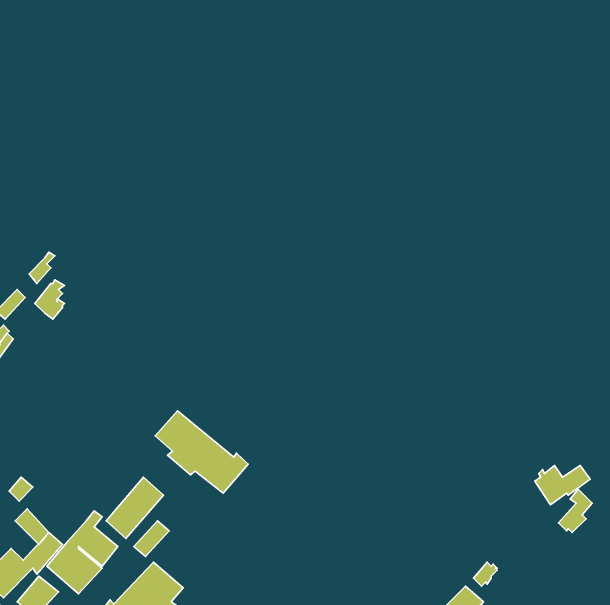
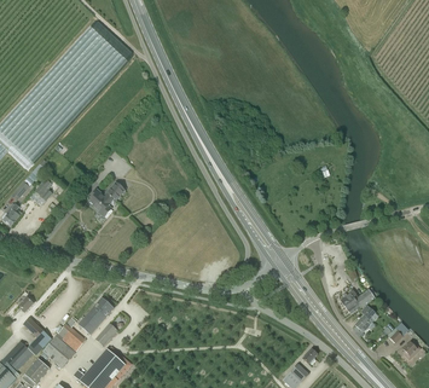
building: none -> [88,180,126,215]
building: [155,411,248,493] -> none

